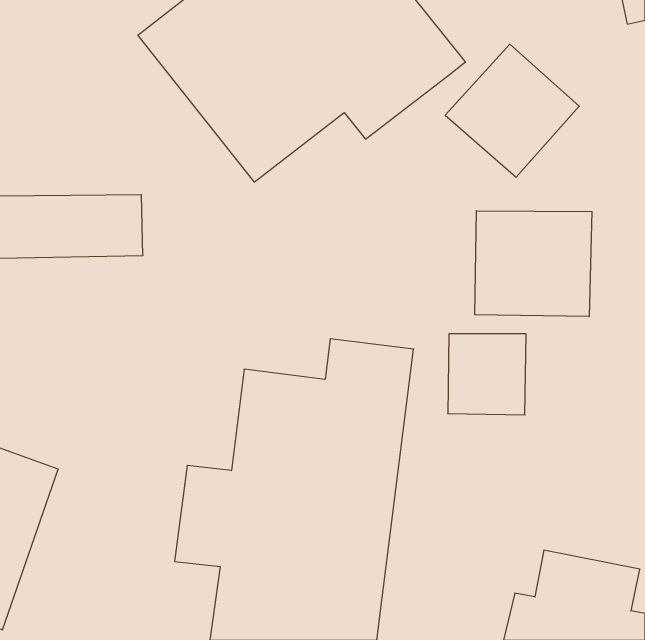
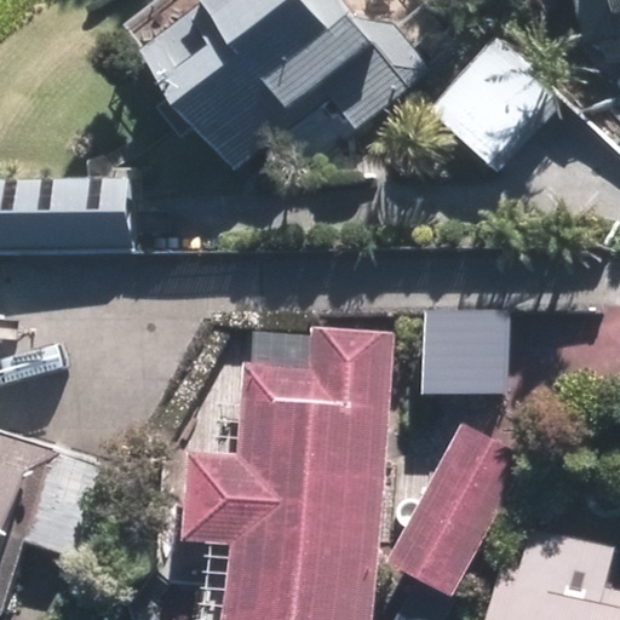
building: [475,211,592,317] -> none
building: none -> [386,426,526,602]

